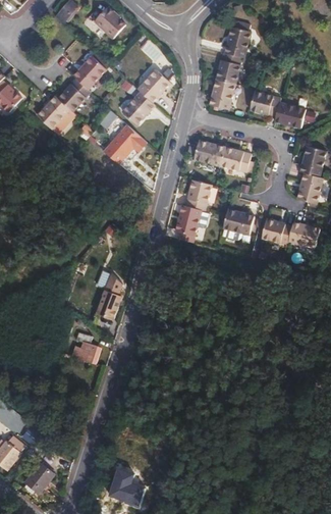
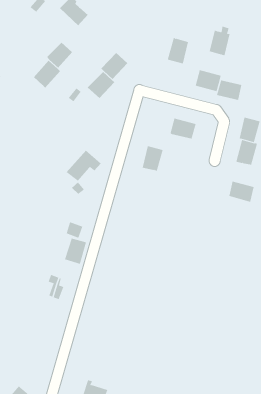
building: [226,22,252,58] -> [209,26,230,56]
building: [210,79,235,109] -> none
building: [37,96,69,130] -> none
building: [104,125,146,163] -> [66,150,101,182]
building: [195,141,224,166] -> none
building: [176,205,201,236] -> none
building: [222,209,254,235] -> none
building: [261,219,291,245] -> none

